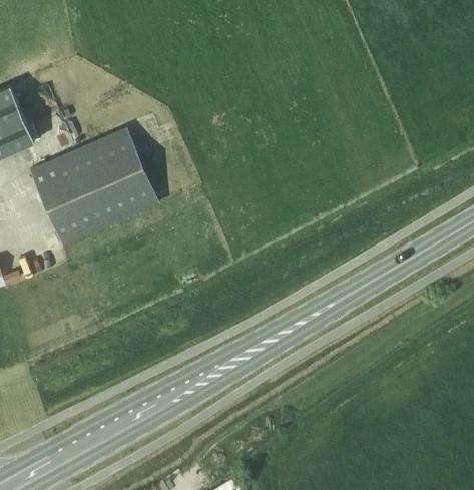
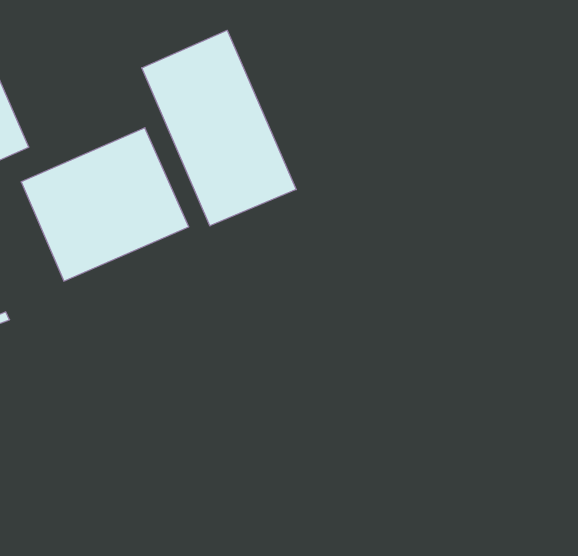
building: none -> [142,30,296,226]

